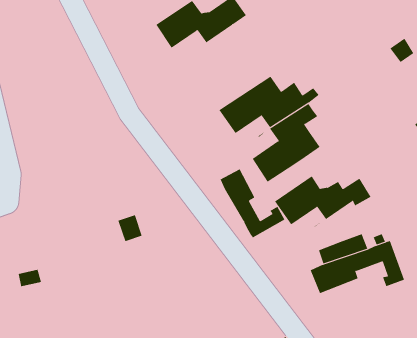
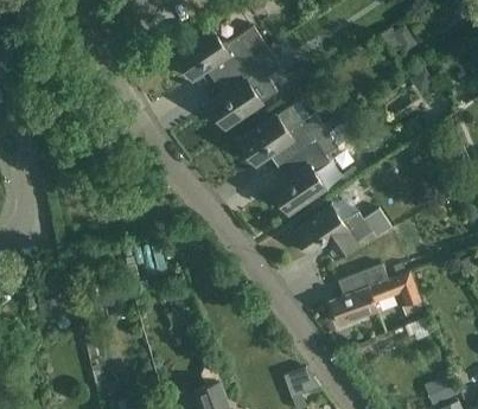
building: none -> [209,47,280,129]
building: [220,169,285,238] -> none

